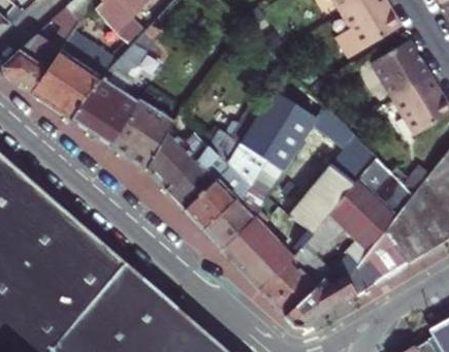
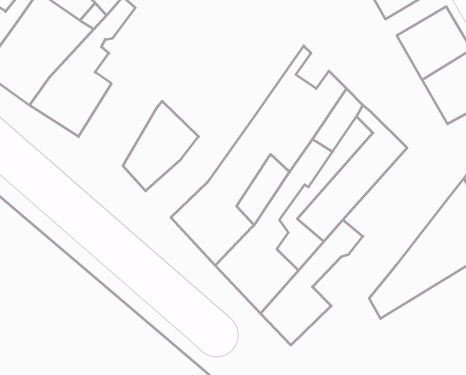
building: [109,98,173,169] -> none
building: [164,121,253,212] -> none
building: [325,155,412,251] -> none
building: [283,254,359,327] -> none

